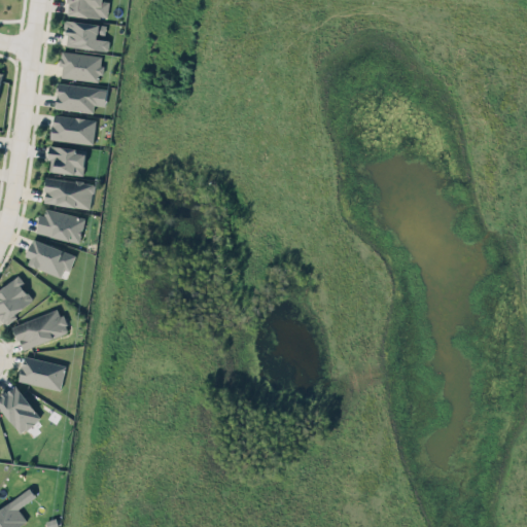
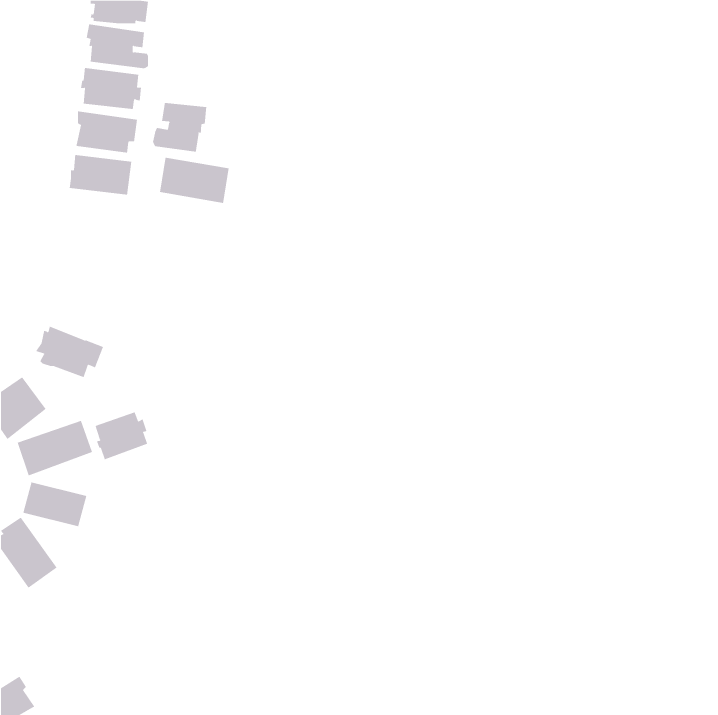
building: none -> [153,102,207,152]
building: [47,146,86,176] -> none
building: [42,177,94,211] -> [159,157,229,203]
building: [37,209,85,244] -> none
building: none -> [95,412,148,460]

